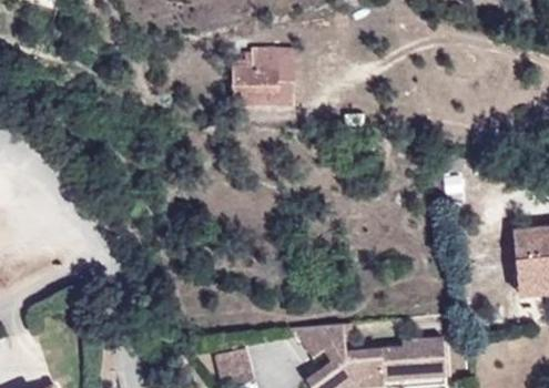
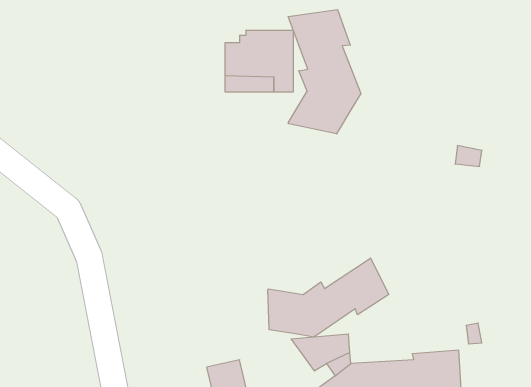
building: none -> [288,10,361,134]
building: none -> [268,258,389,337]

